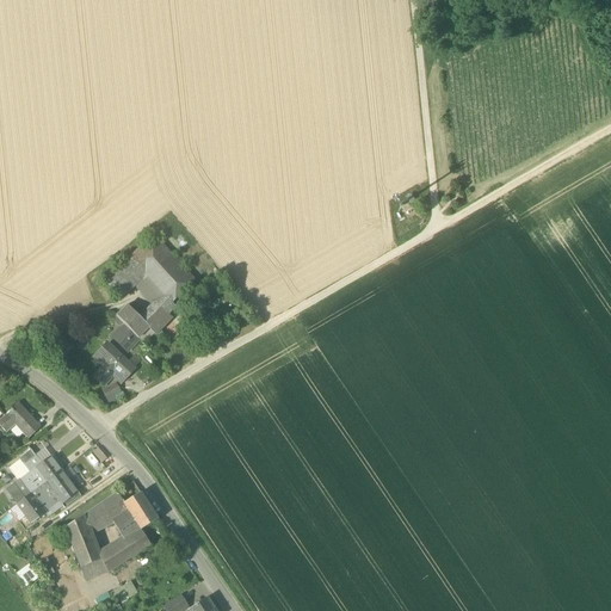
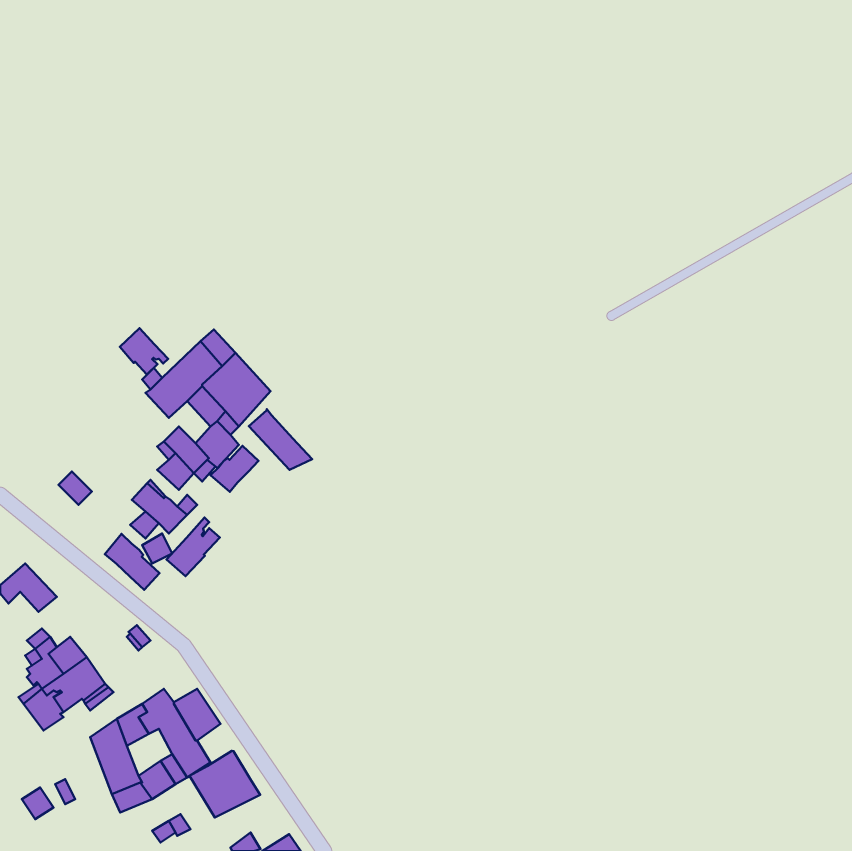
building: none -> [120,328,168,375]
building: none -> [249,409,312,470]
building: none -> [210,446,259,492]
building: none -> [167,518,220,576]
building: none -> [105,534,159,590]
building: none -> [189,751,260,818]

